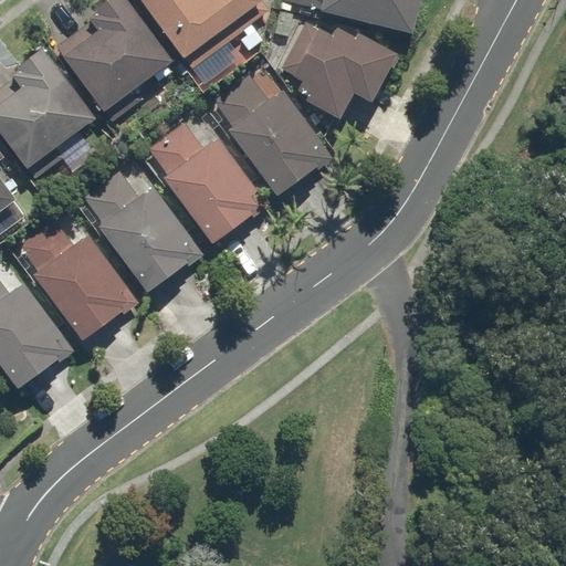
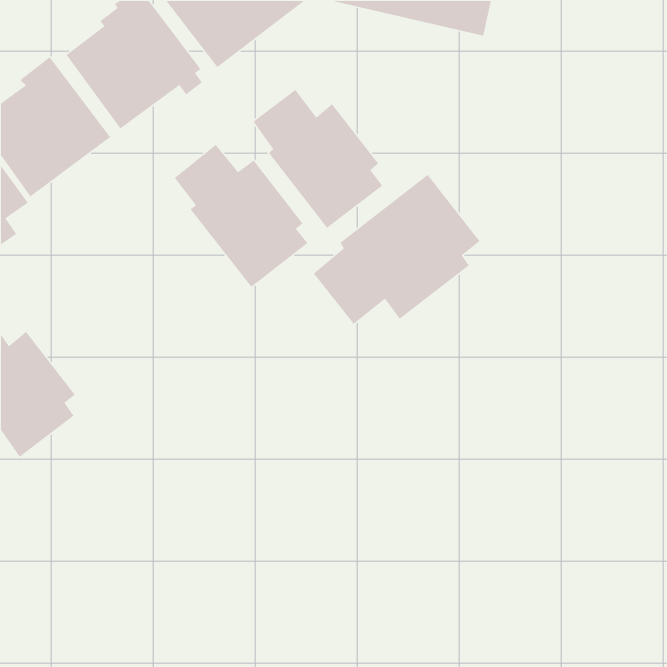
building: [282,19,397,118] -> none
building: none -> [313,174,481,325]
building: [85,174,195,292] -> none
building: [20,221,129,339] -> none

